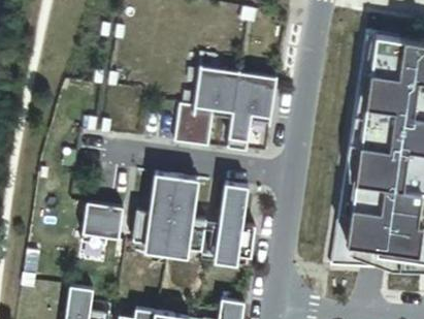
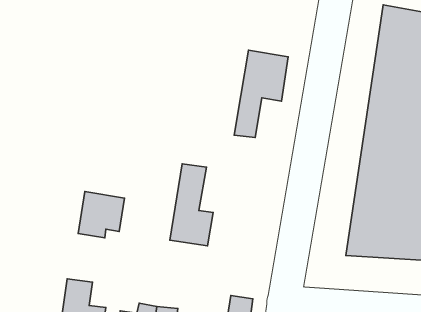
building: [173,67,239,150] -> none
building: [131,176,177,257] -> none
building: [215,187,255,273] -> none

